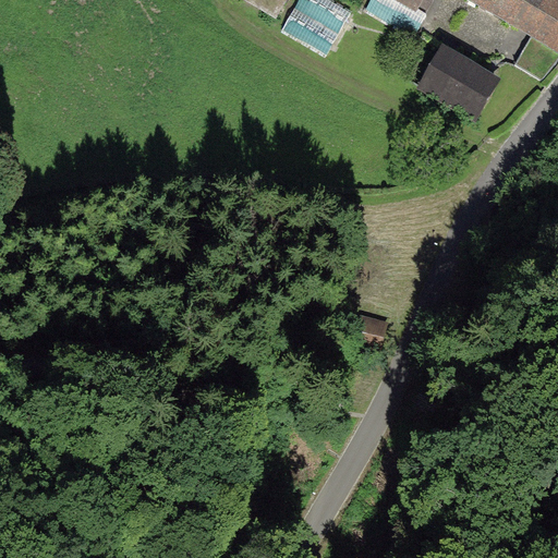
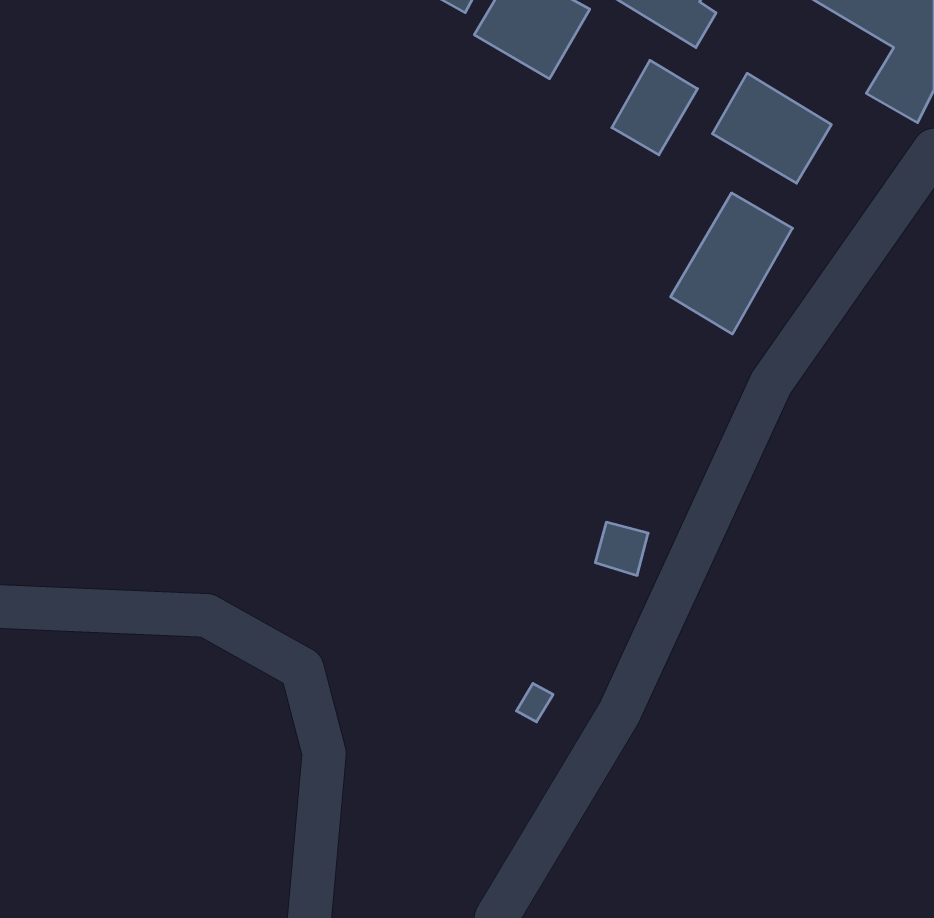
building: none -> [612,60,698,155]
building: none -> [671,193,793,334]

